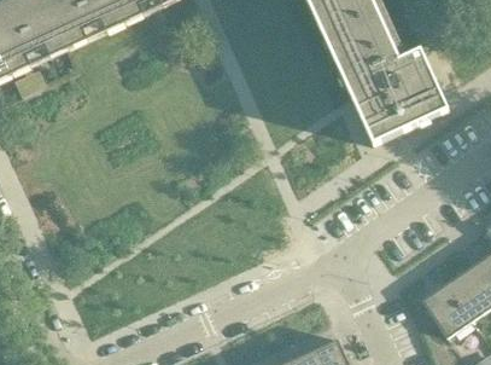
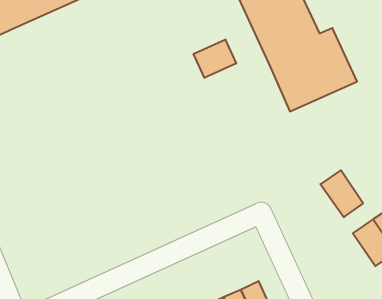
building: none -> [194,39,236,78]
building: [420,284,468,337] -> [320,170,363,217]

